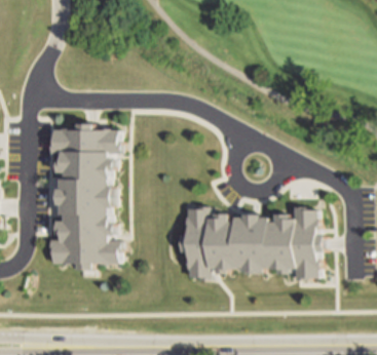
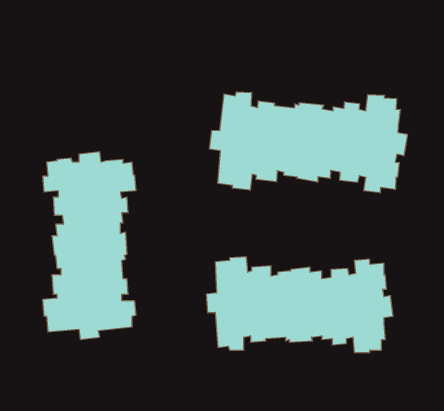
building: none -> [210,92,407,193]

